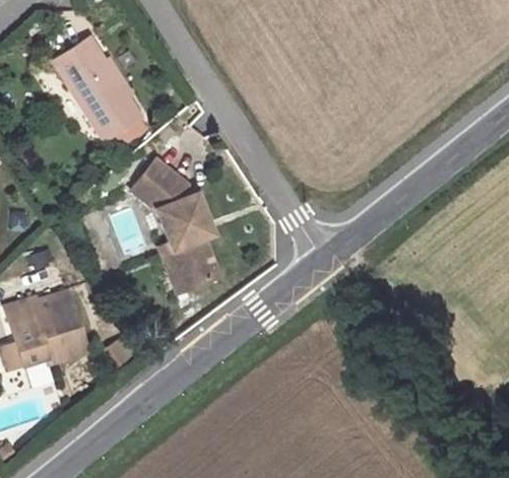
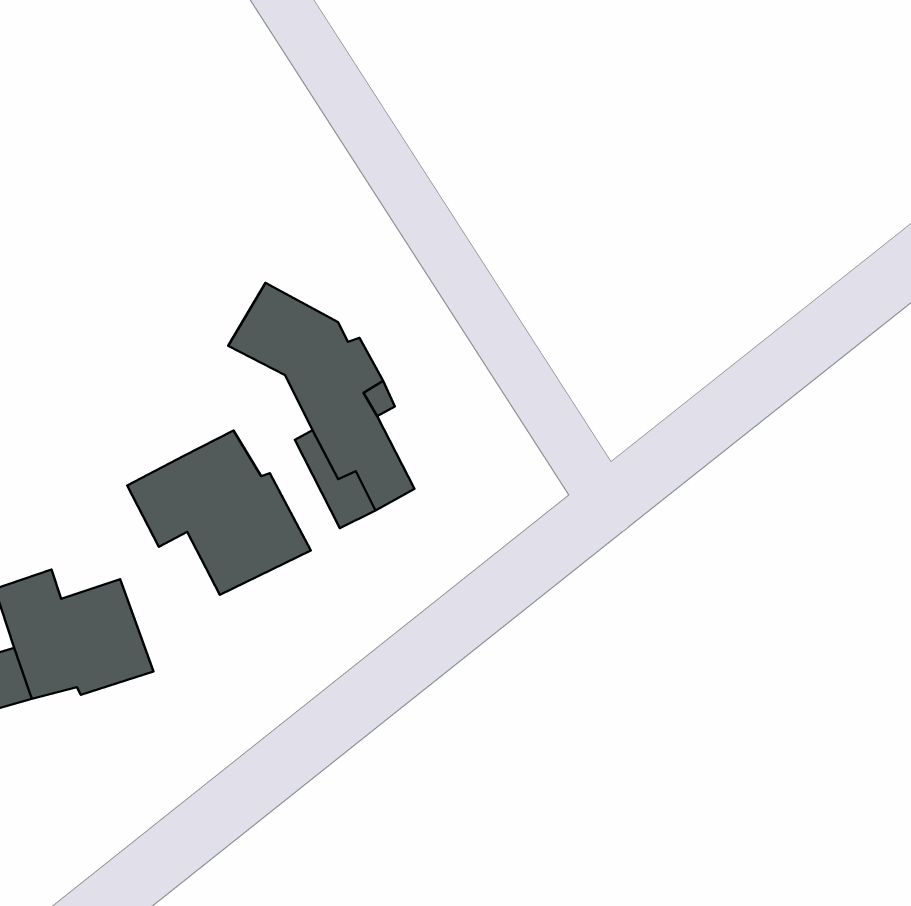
building: [51,40,142,142] -> none
building: none -> [127,430,311,595]

